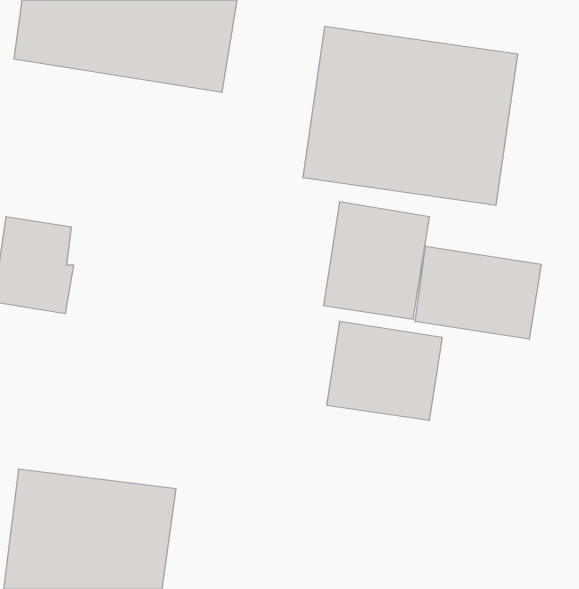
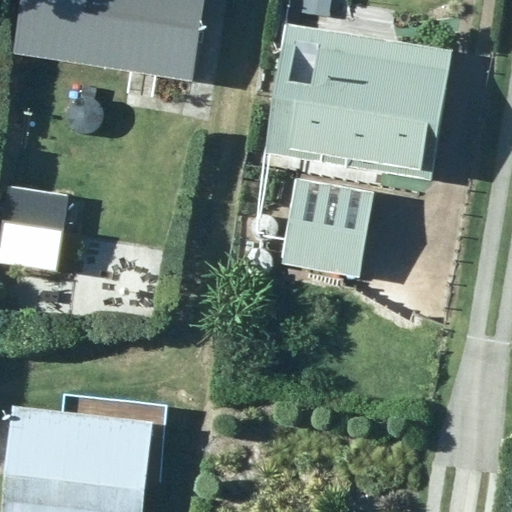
building: [415,246,541,339] -> none
building: [327,321,442,421] -> none

